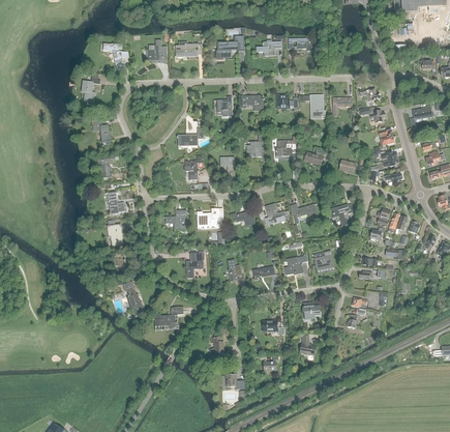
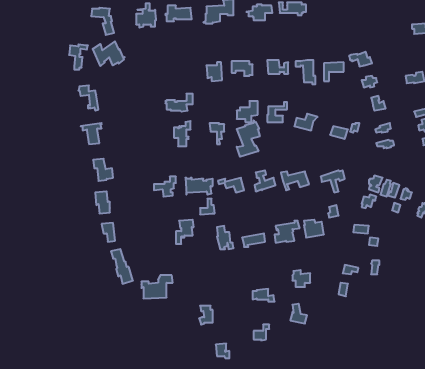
building: none -> [93,41,125,66]
building: none -> [237,120,260,157]

